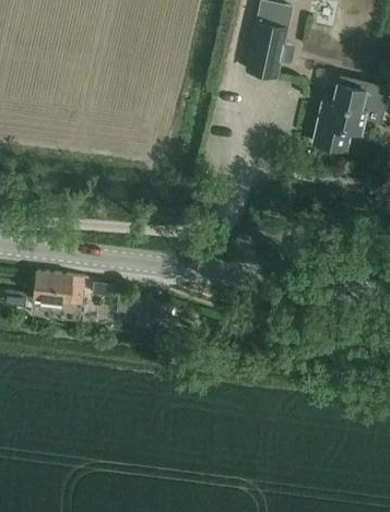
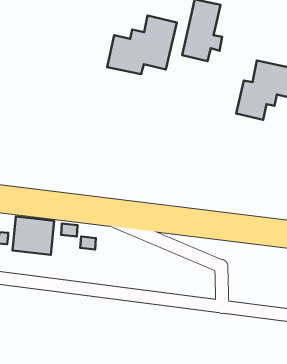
building: none -> [107,15,177,74]

